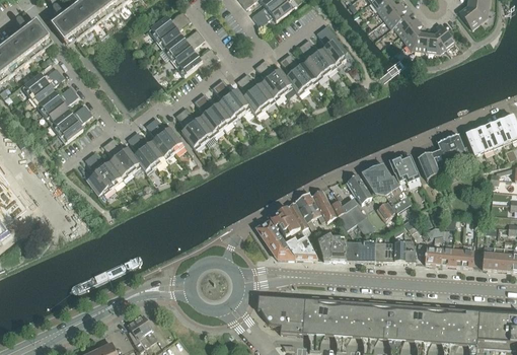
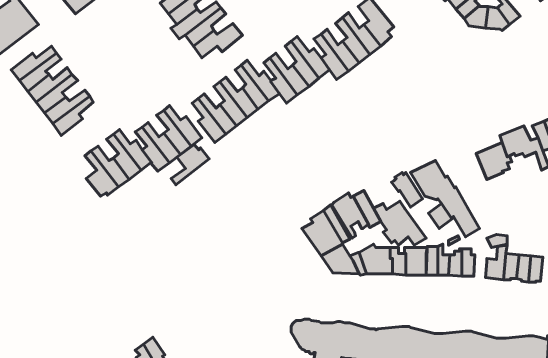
building: none -> [171,145,209,185]
building: [388,155,419,183] -> none
building: [257,221,295,259] -> none

